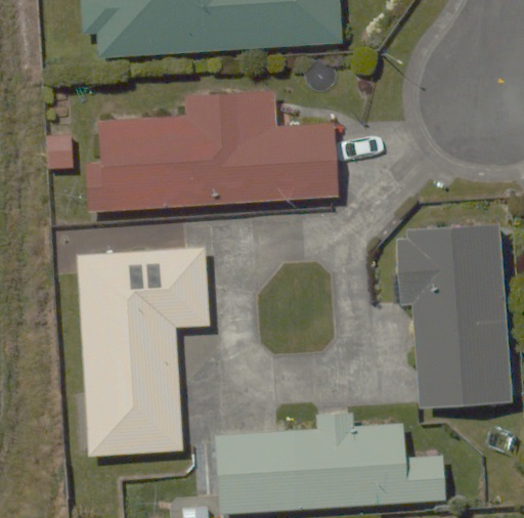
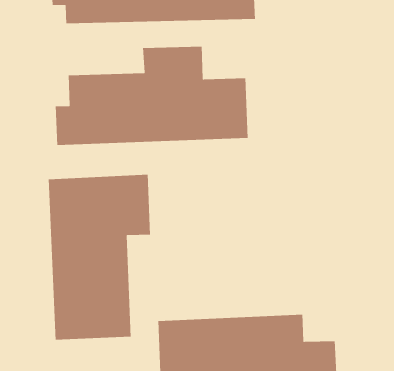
building: [401,232,509,404] -> none

